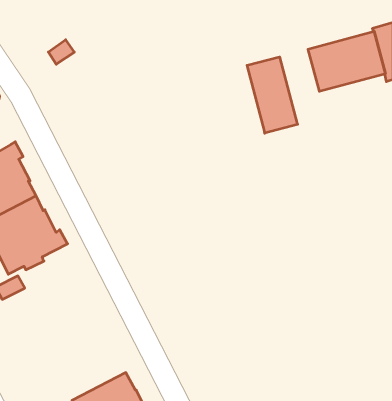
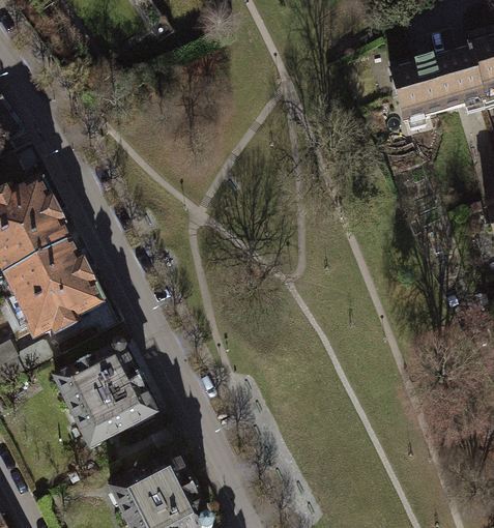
building: [247,57,298,133] -> none
building: none -> [56,342,155,446]

